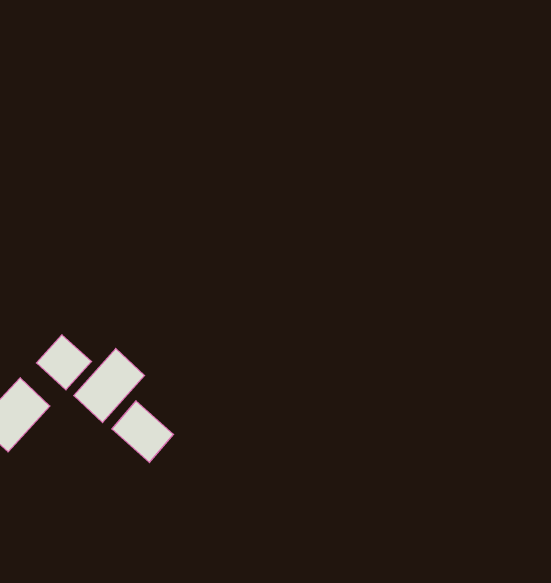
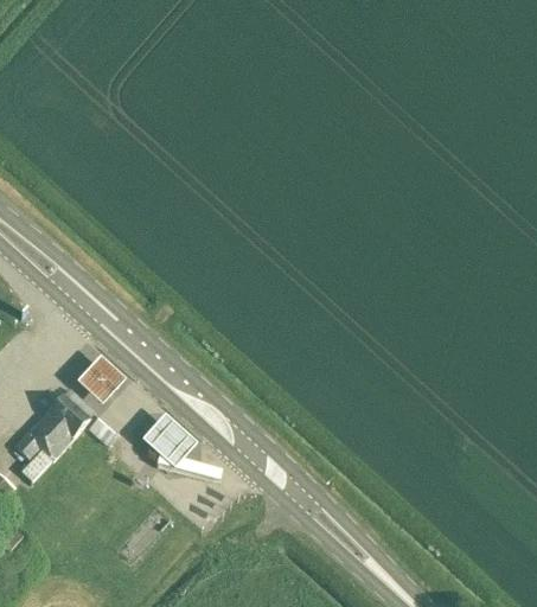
building: [74,348,145,423] -> none

